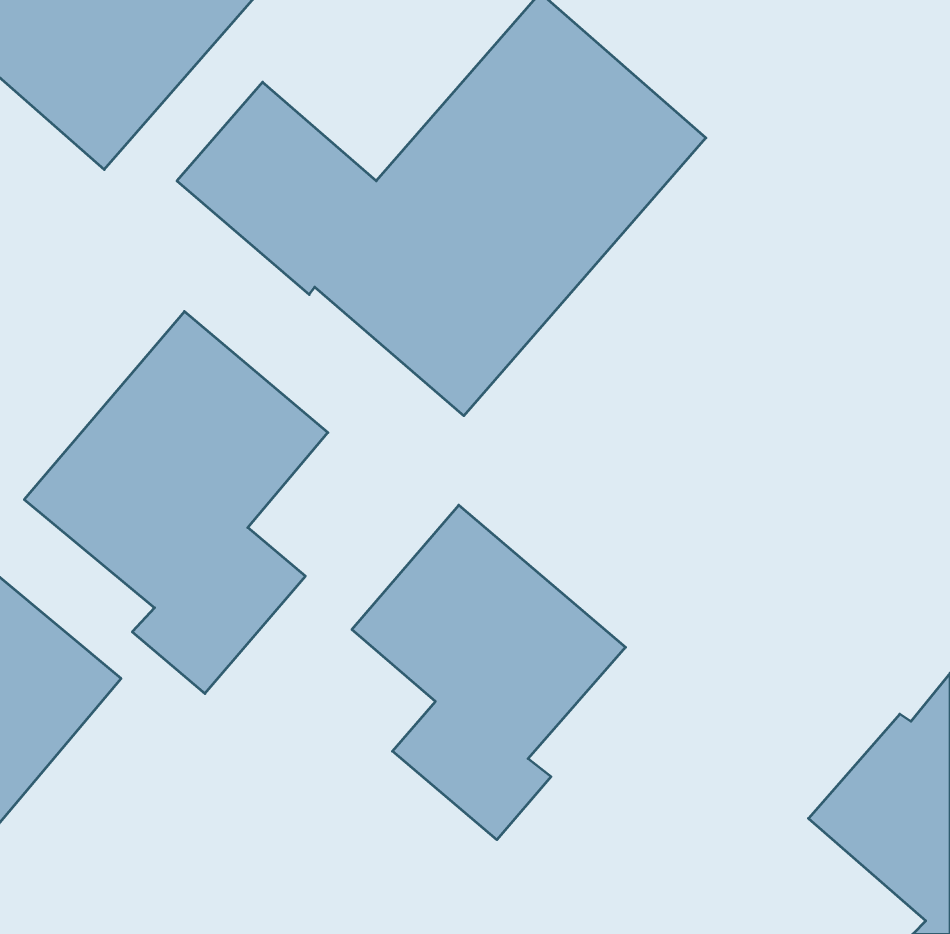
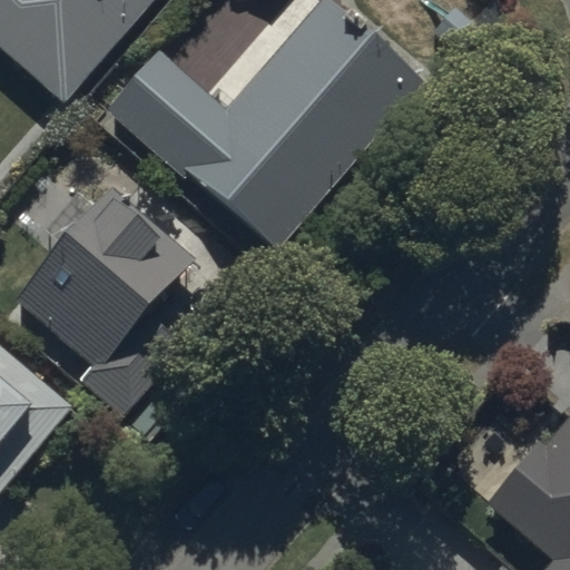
building: [352,505,626,840] -> none

